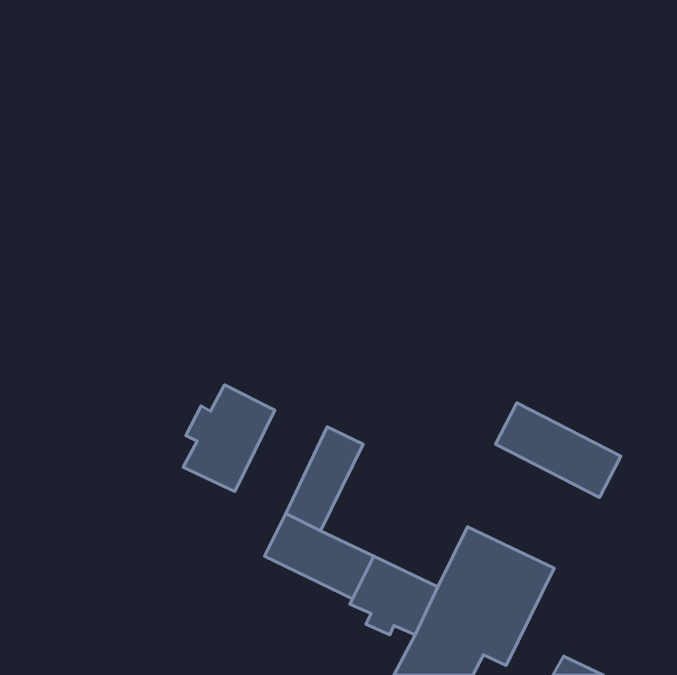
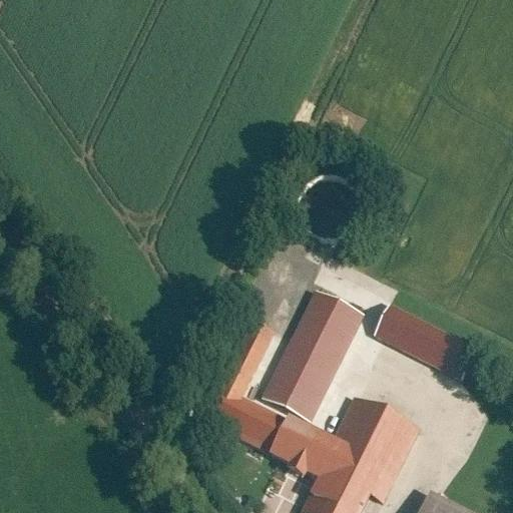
building: [183,385,275,491] -> none
building: none -> [262,291,366,425]

